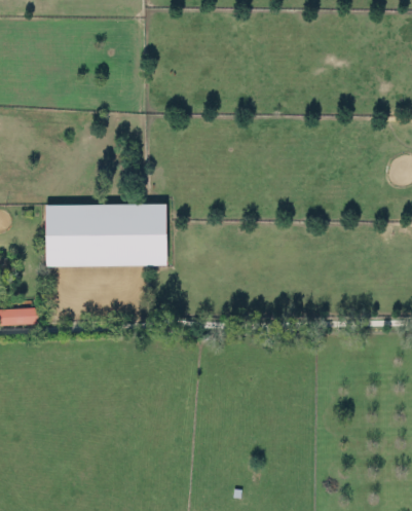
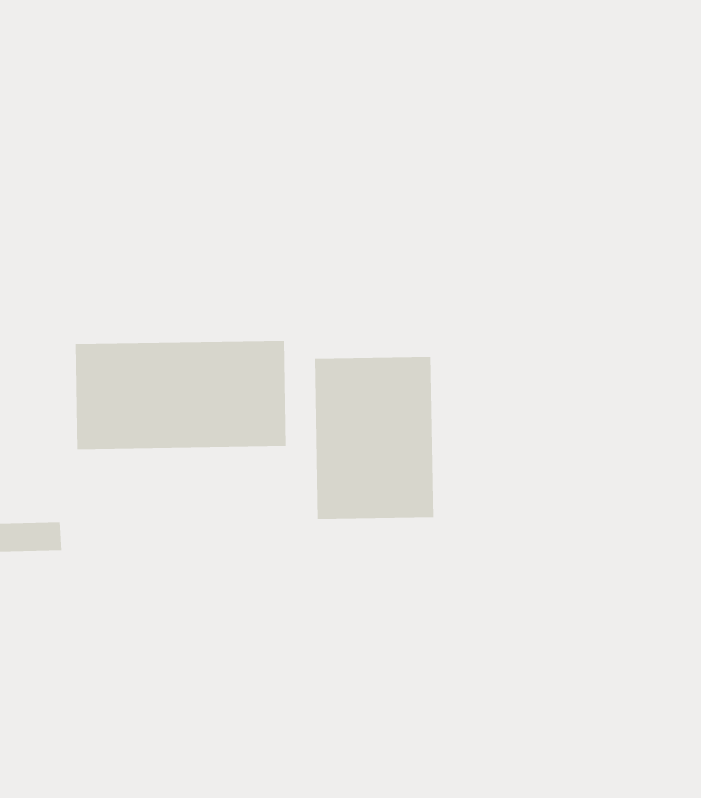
building: none -> [315,356,434,520]

